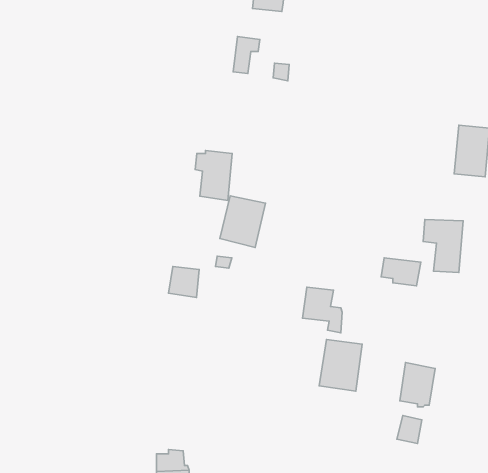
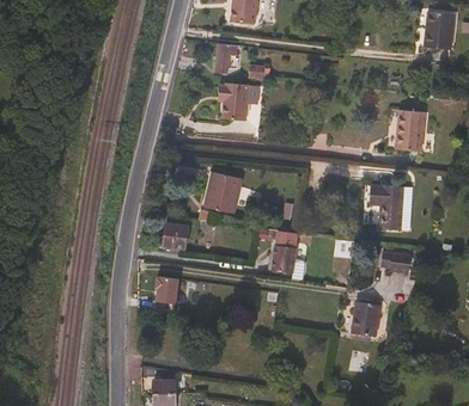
building: [195,150,232,201] -> [219,80,249,121]
building: [381,258,421,286] -> [380,253,413,276]
building: none -> [154,272,178,300]
building: [319,339,362,391] -> none

